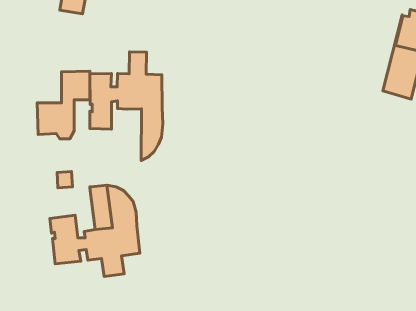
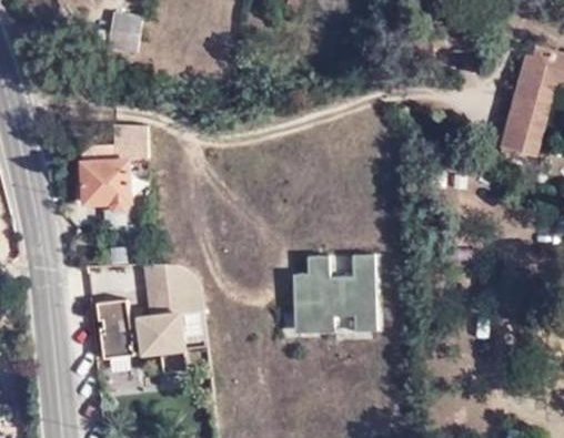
building: [90,52,163,160] -> none
building: none -> [293,254,375,332]

